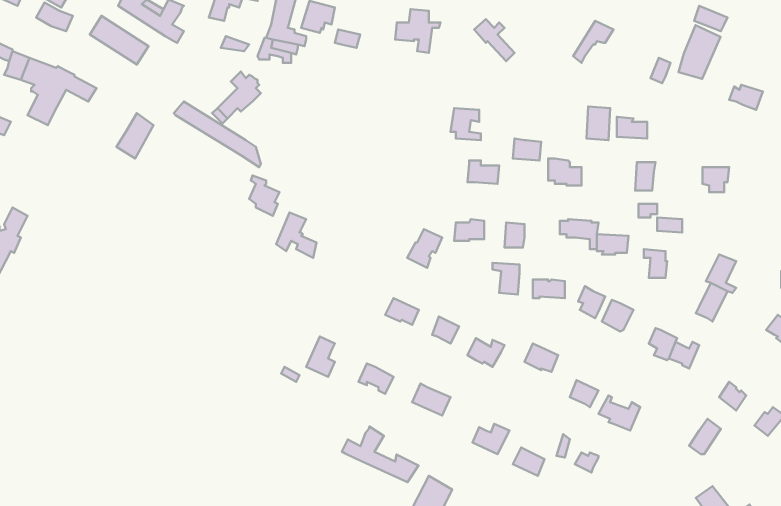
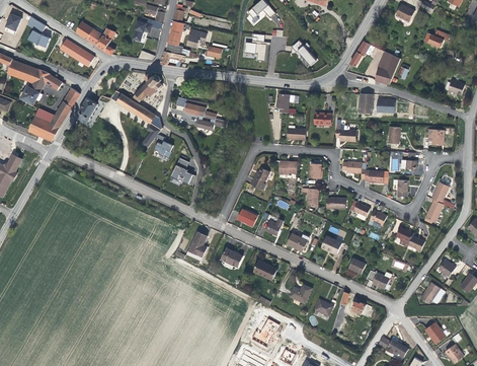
building: [679,25,721,79] -> [375,52,400,84]
building: none -> [28,89,80,141]
building: none -> [176,97,216,131]
building: [342,427,418,482] -> none

